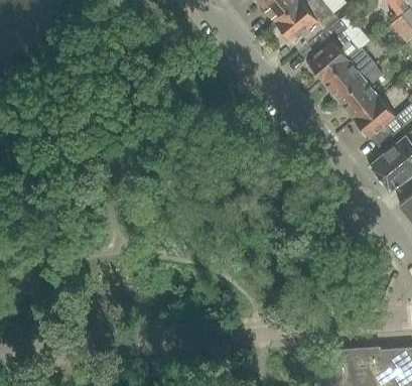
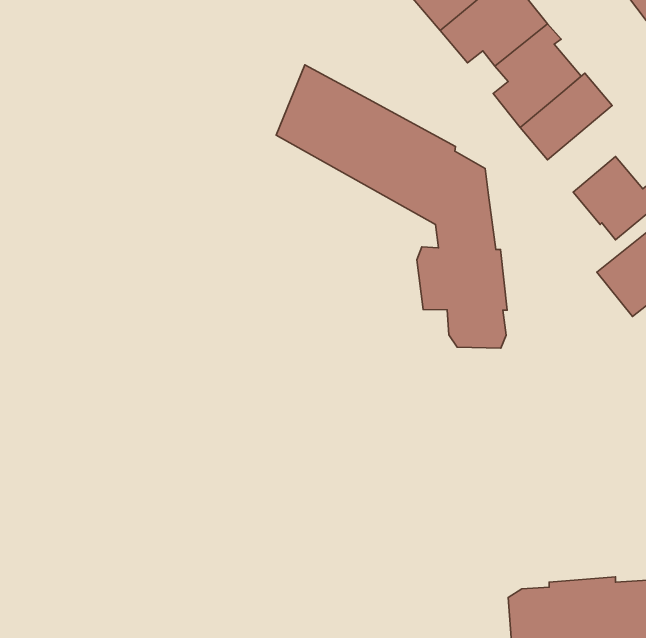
building: none -> [276,65,507,348]
building: [339,68,383,119] -> none

